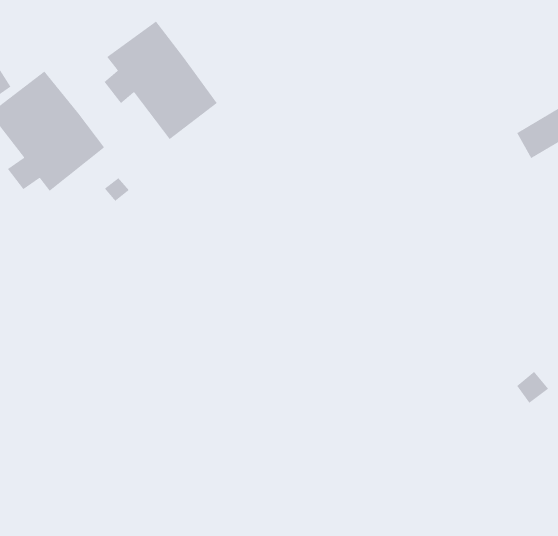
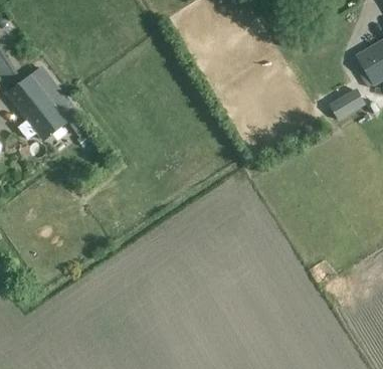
building: [104,21,218,140] -> none

